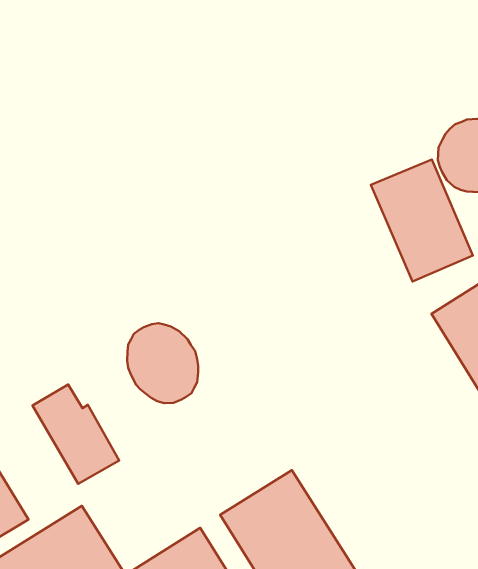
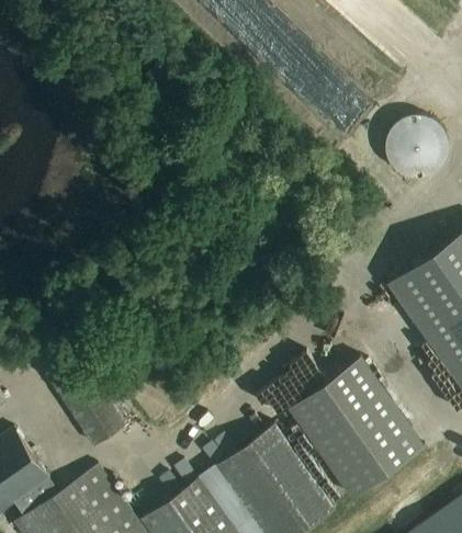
building: [371,159,473,281] -> none
building: [127,323,198,403] -> none
building: none -> [294,367,417,496]

